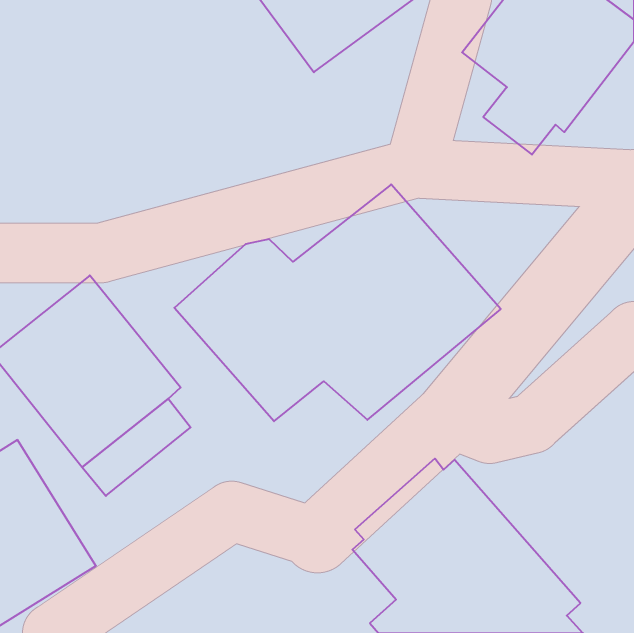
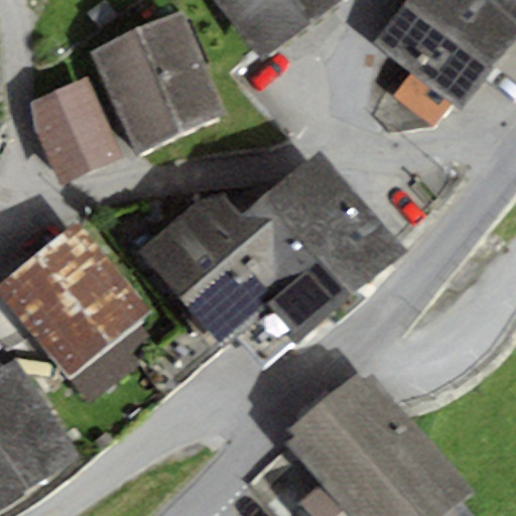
building: none -> [91,11,226,153]
building: none -> [24,75,119,181]

